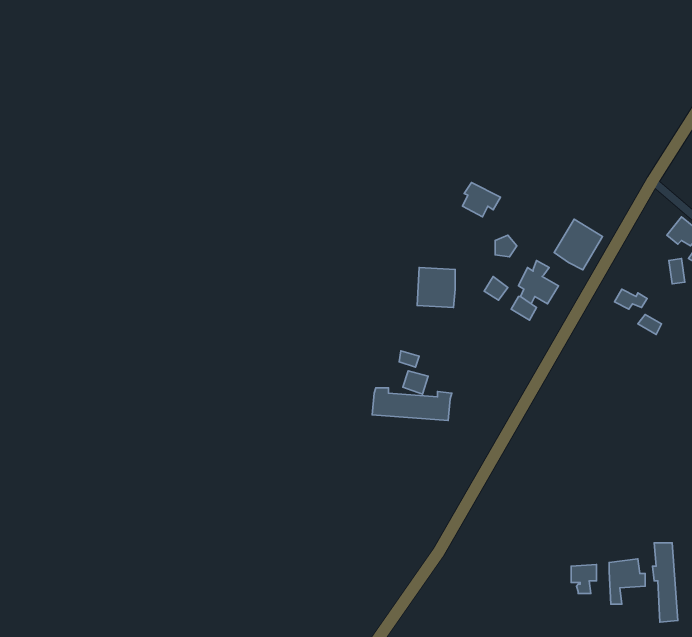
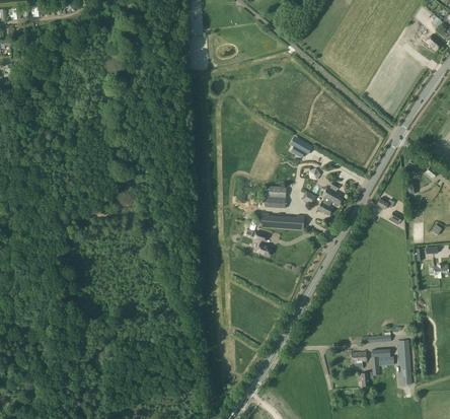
building: [554,219,603,270] -> none
building: [372,388,452,420] -> [259,212,304,230]

